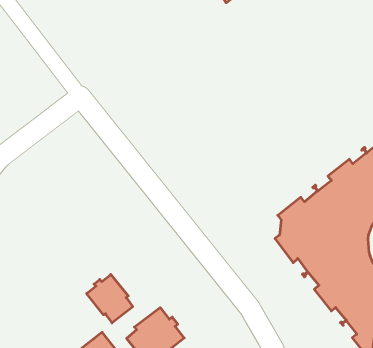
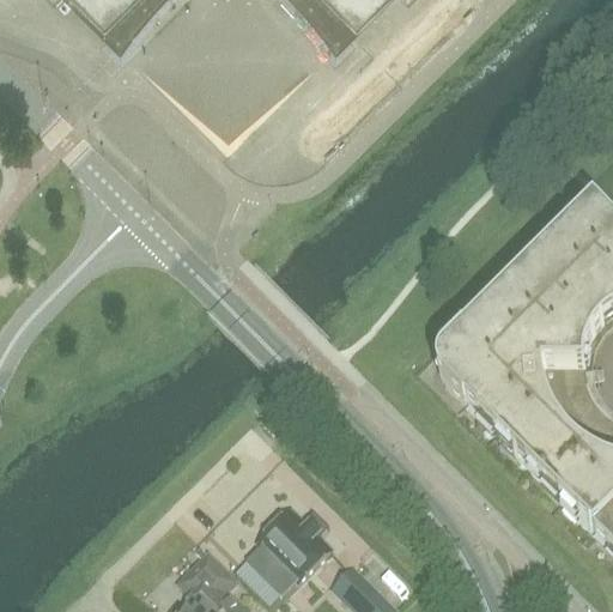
building: [87,274,133,323] -> none

